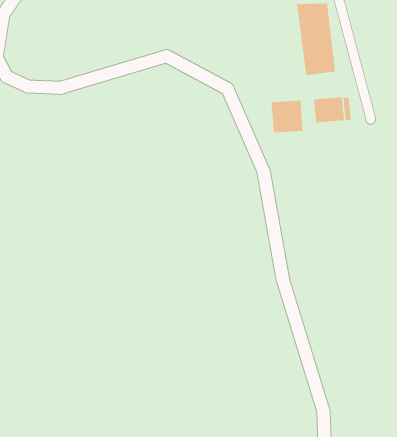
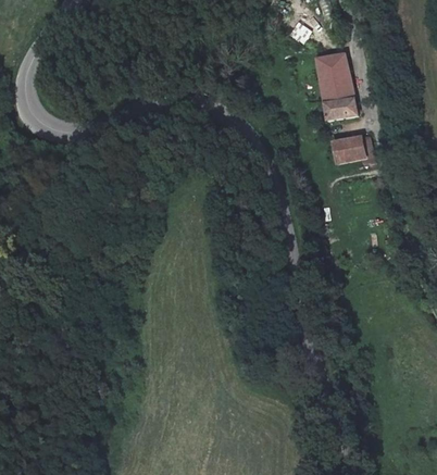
building: [271,100,303,133] -> none

